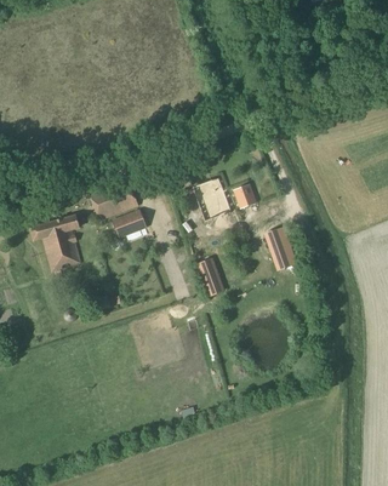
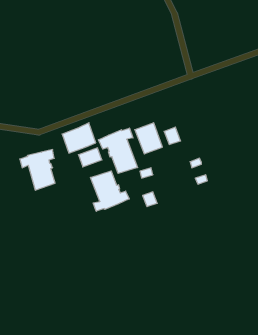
building: none -> [98,128,138,173]
building: none -> [91,171,129,211]

